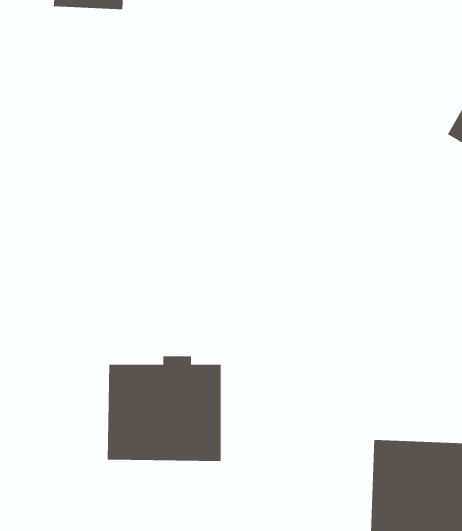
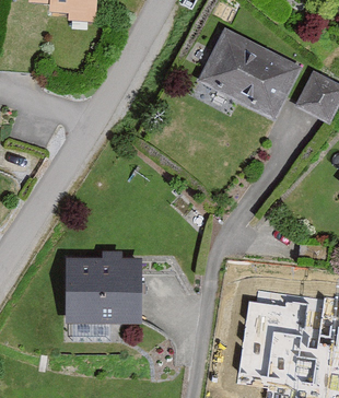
building: none -> [202,32,294,114]

